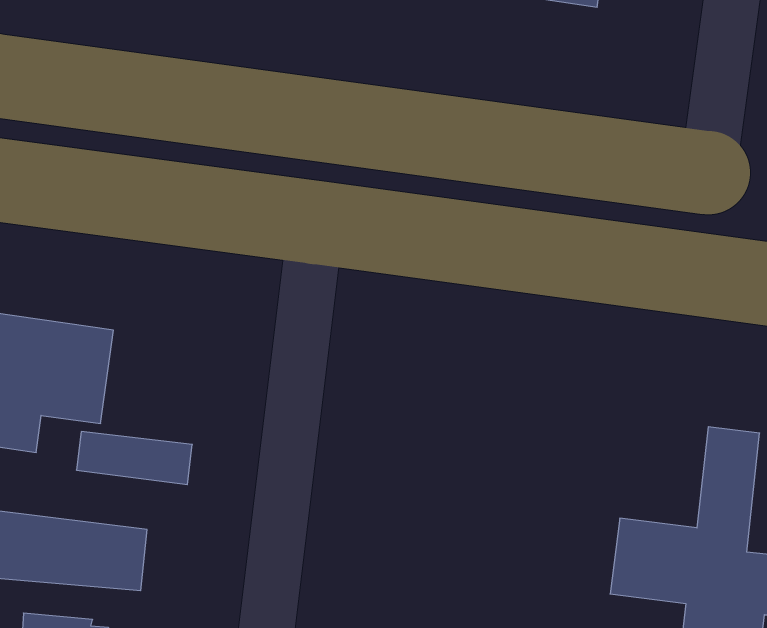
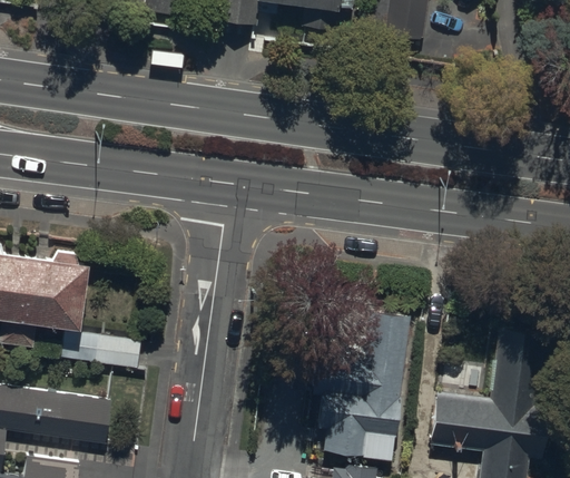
building: none -> [312,312,410,461]

